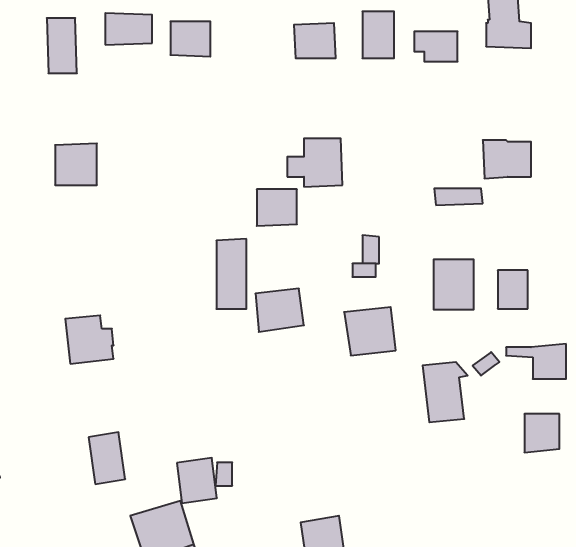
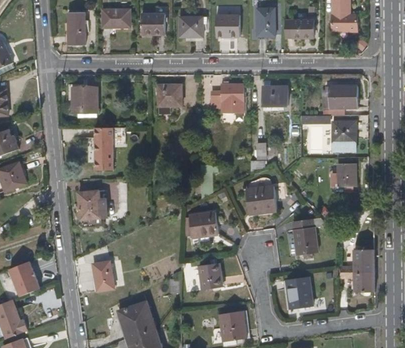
building: none -> [179,17,202,37]
building: none -> [263,86,287,105]
building: [257,189,297,226] -> [157,84,181,106]
building: [216,239,246,309] -> [95,127,113,169]
building: [434,259,474,310] -> [332,120,356,150]
building: [255,289,304,332] -> [189,212,218,238]
building: [506,344,566,379] -> [338,270,374,291]
building: [177,458,217,503] -> [198,262,222,289]
building: none -> [285,277,313,309]

